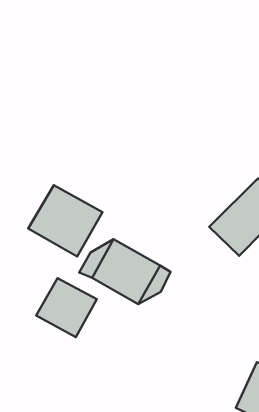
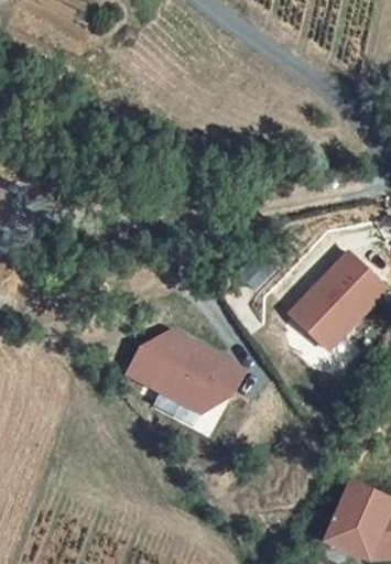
building: [28,185,102,256] -> none
building: [36,278,97,337] -> none

